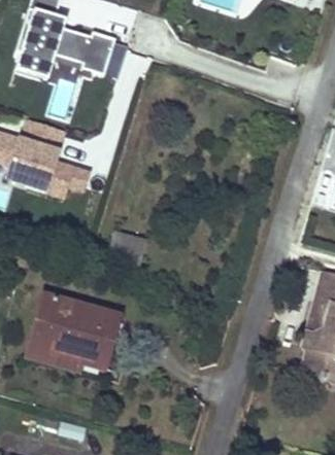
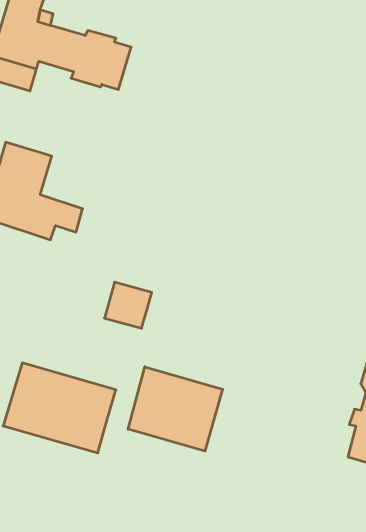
building: none -> [128,367,223,451]

